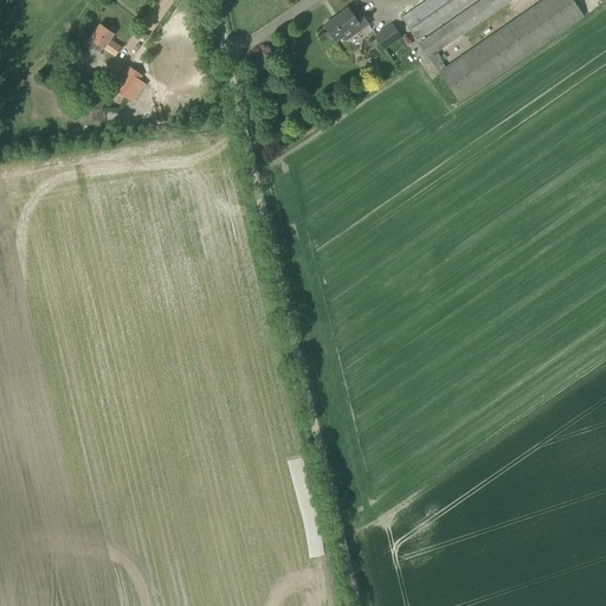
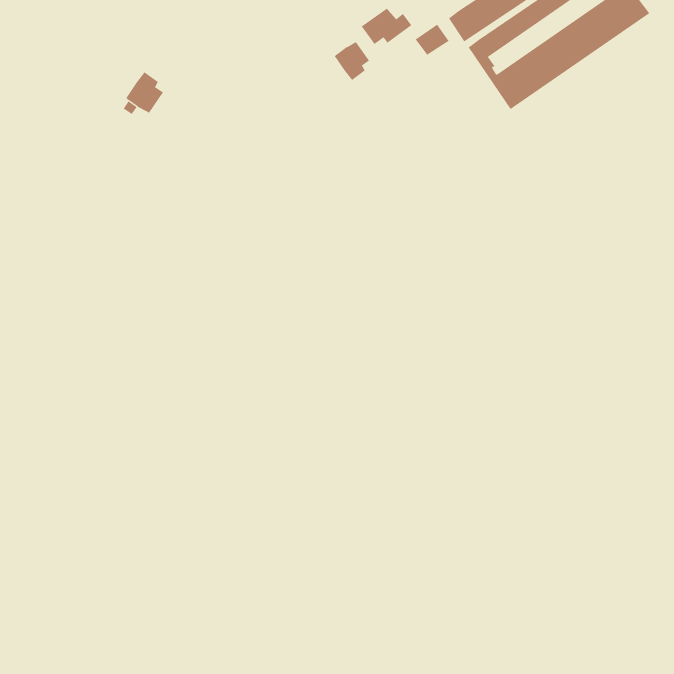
building: [85,22,122,54] -> none
building: none -> [334,41,370,81]

